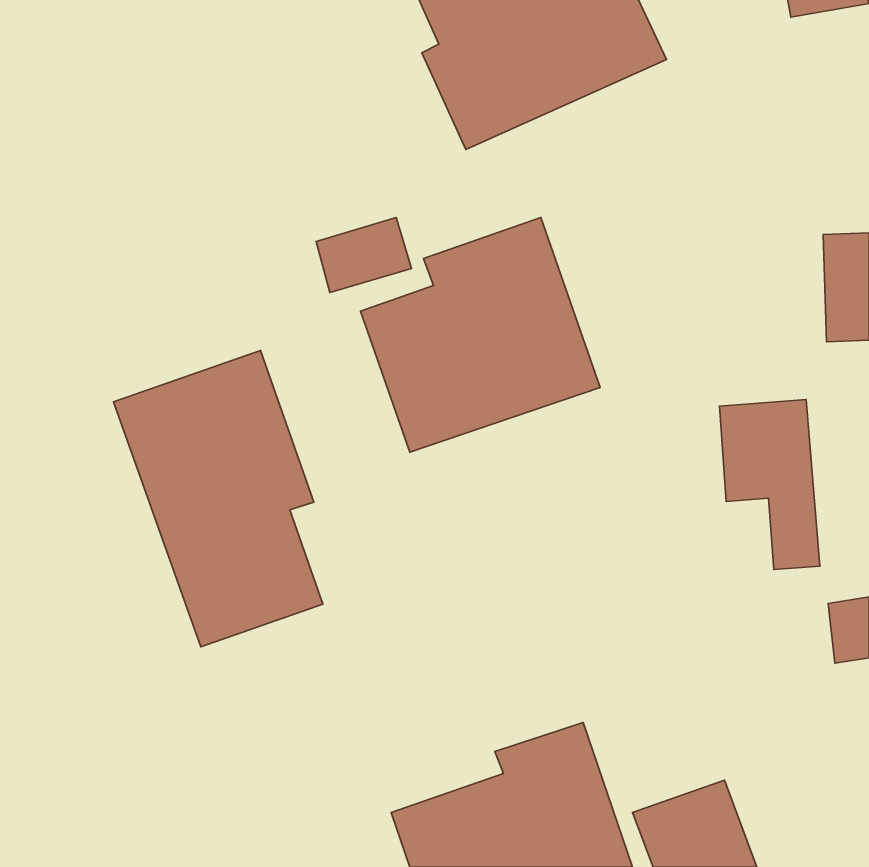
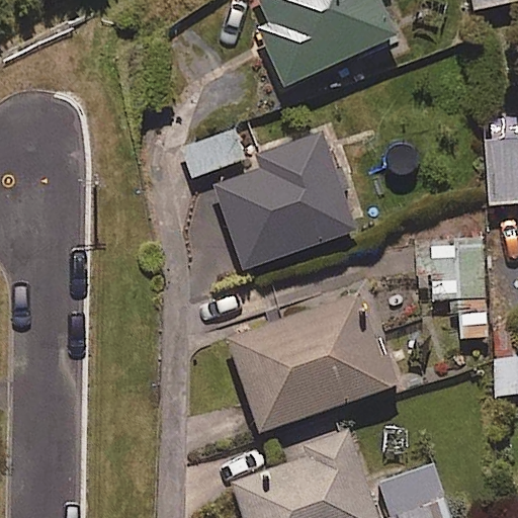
building: [114,351,323,647] -> none
building: none -> [228,293,391,432]

